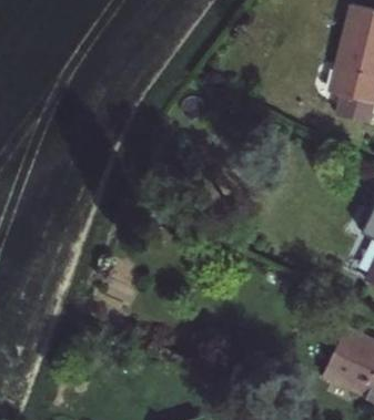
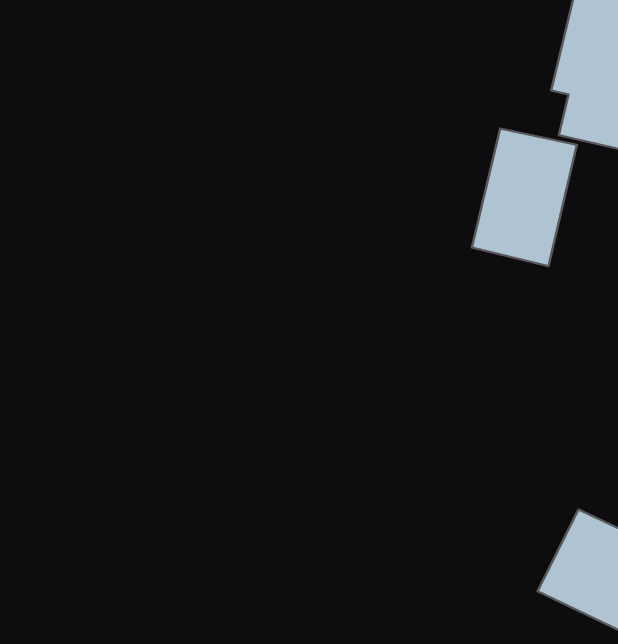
building: none -> [472,129,577,266]

